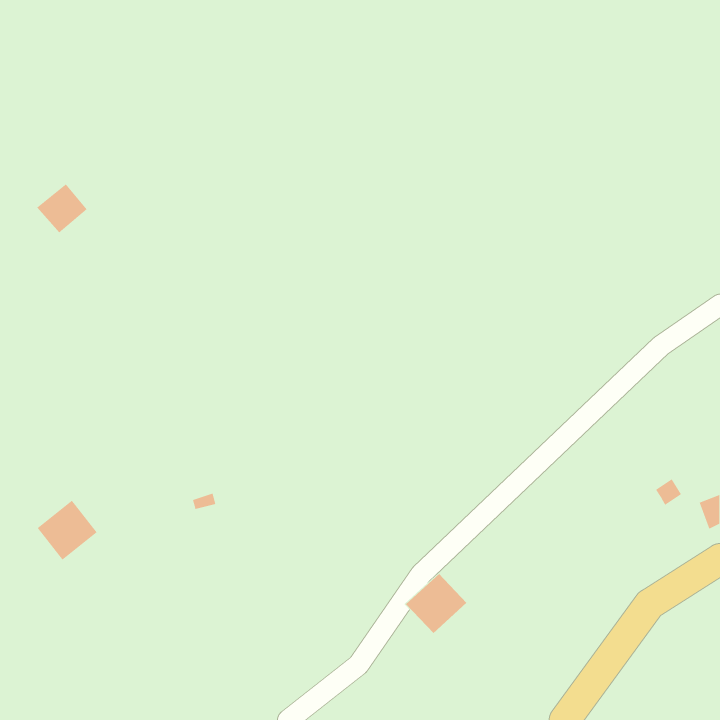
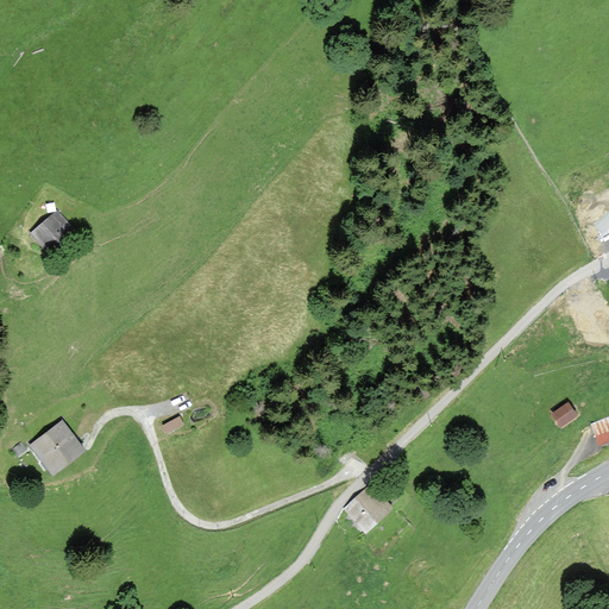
building: [37,184,87,233] -> [31,211,74,252]

